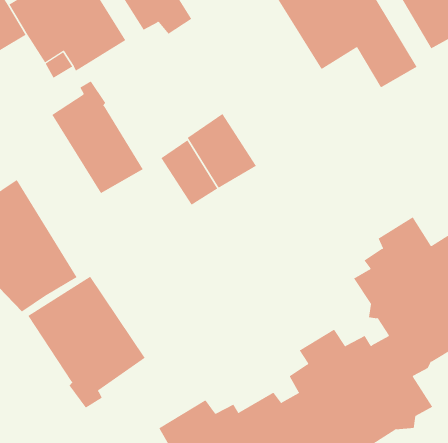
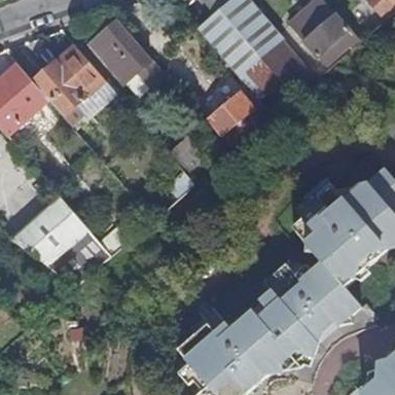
building: none -> [208,91,256,146]
building: [51,81,143,194] -> none
building: [28,276,145,409] -> none

